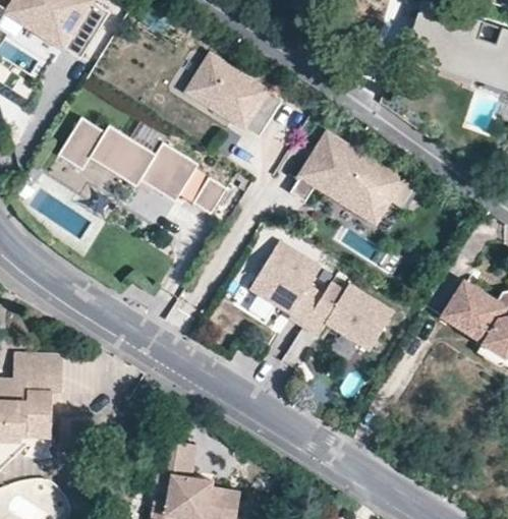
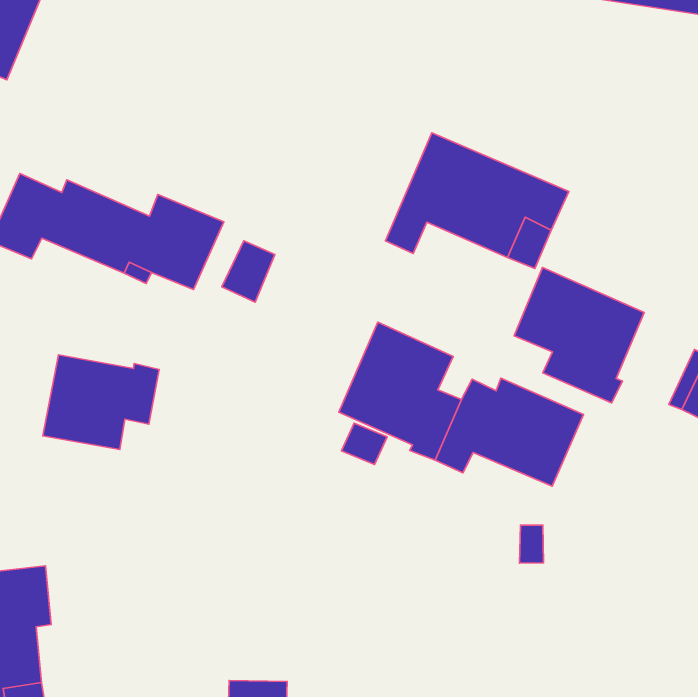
building: [186,55,283,138] -> none
building: none -> [514,267,644,403]
building: none -> [43,355,159,449]

